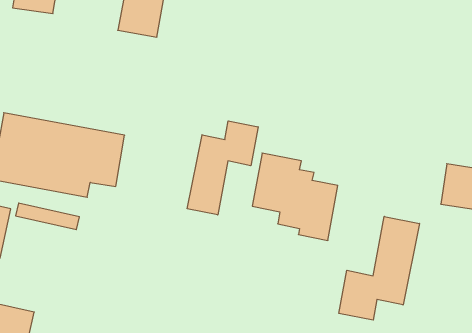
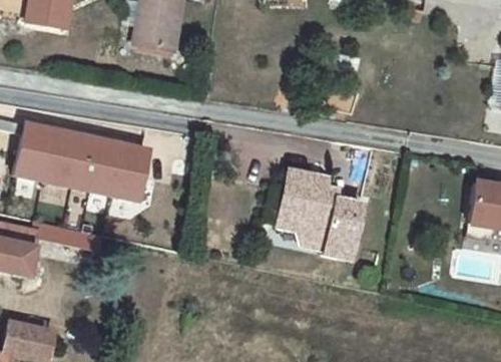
building: [187,121,258,215] -> none
building: [339,216,419,320] -> none

